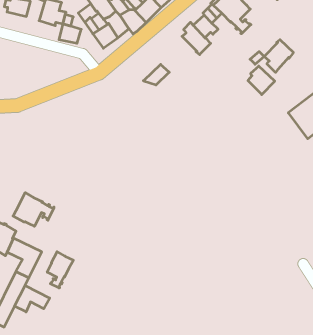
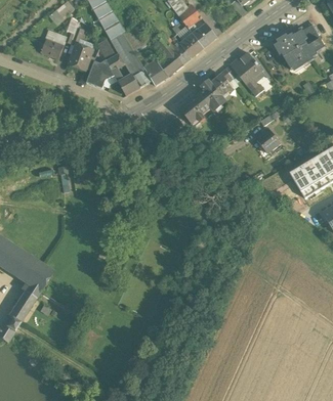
building: none -> [179,92,212,127]
building: [264,40,293,72] -> none
building: [13,193,54,226] -> none
building: [47,252,73,288] -> none
building: [15,285,50,312] -> none

